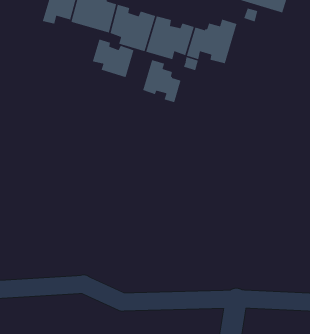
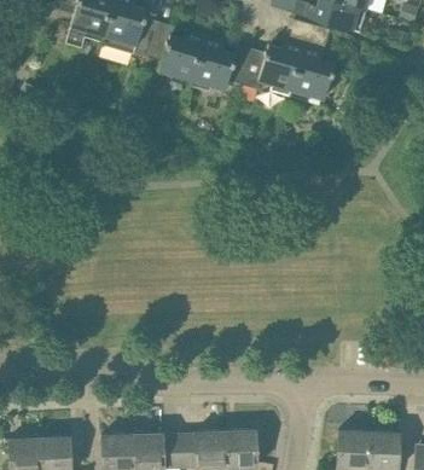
building: none -> [289,46,333,101]
building: [92,39,135,78] -> none
building: [142,59,181,103] -> none

